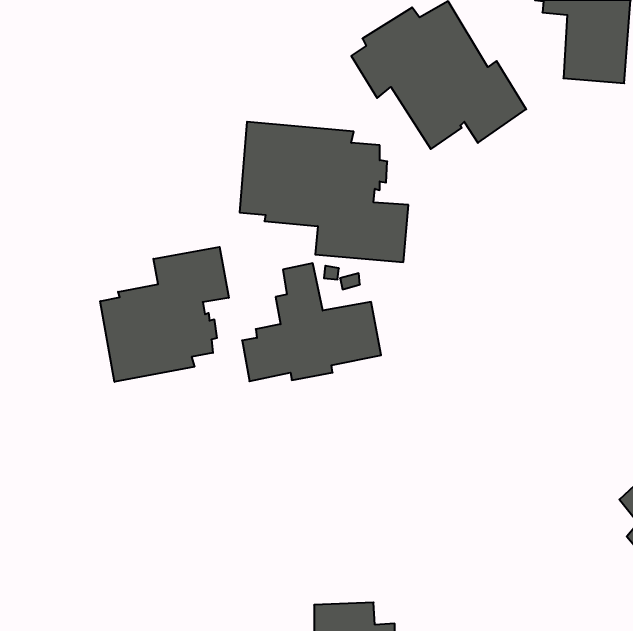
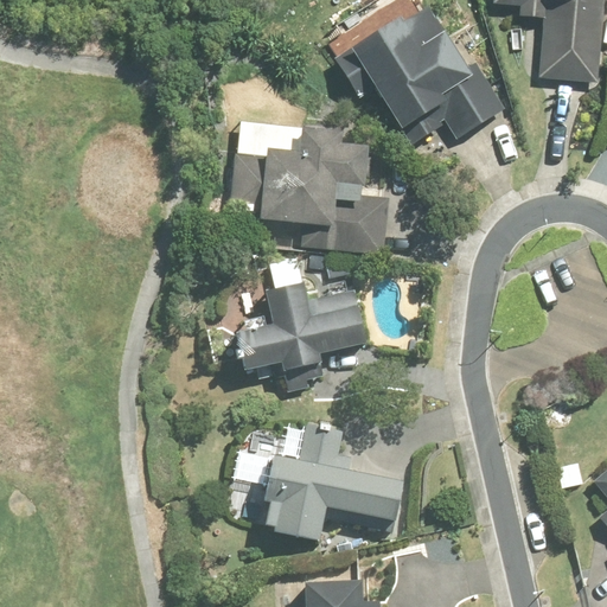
building: [100,247,229,382] -> none
building: none -> [260,423,401,539]

